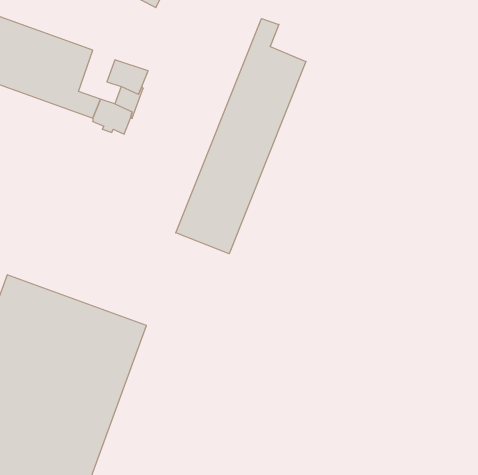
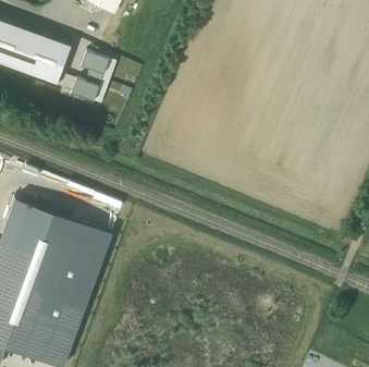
building: [176,19,306,254] -> none

